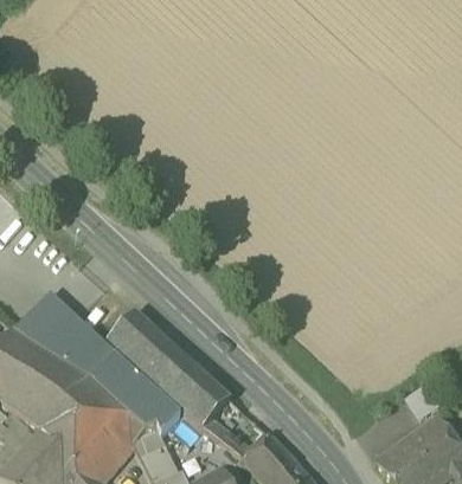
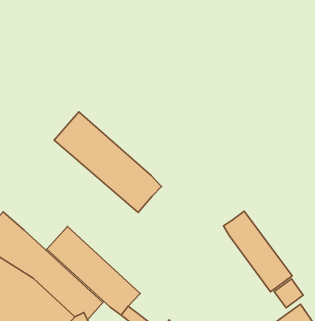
building: none -> [54,112,162,213]
building: none -> [224,211,292,292]

